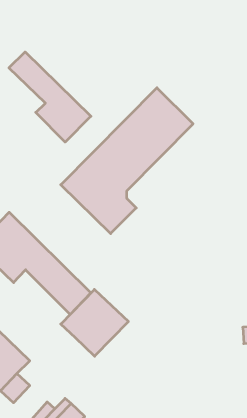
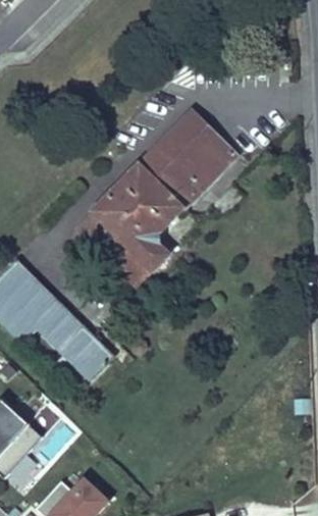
building: [9,52,91,142] -> none
building: [61,289,128,356] -> none

